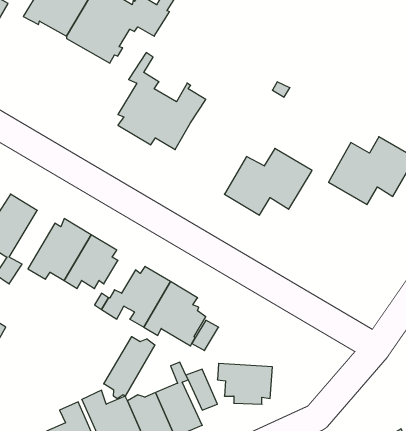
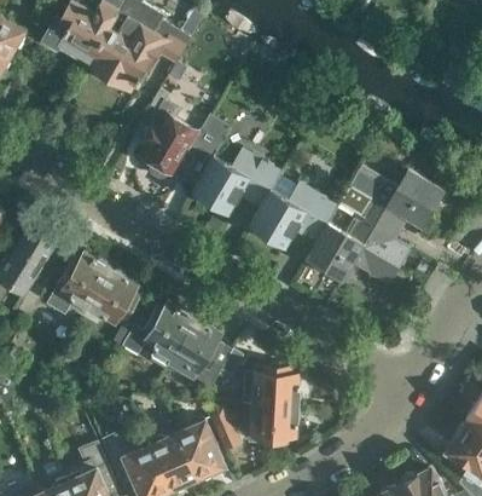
building: none -> [190,145,281,215]
building: none -> [303,214,411,286]
building: none -> [242,365,298,405]
building: [104,337,155,399] -> none

